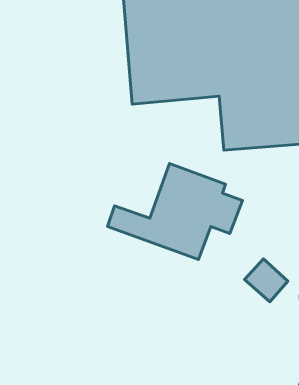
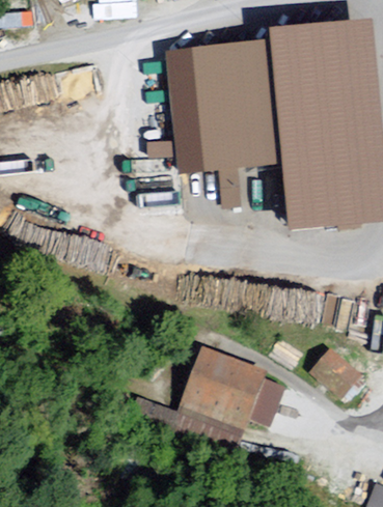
building: [107,164,242,260] -> [130,348,285,459]

